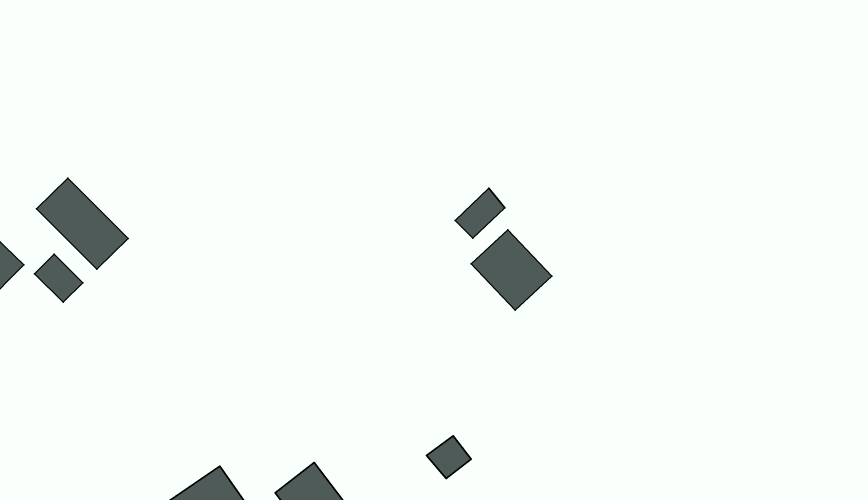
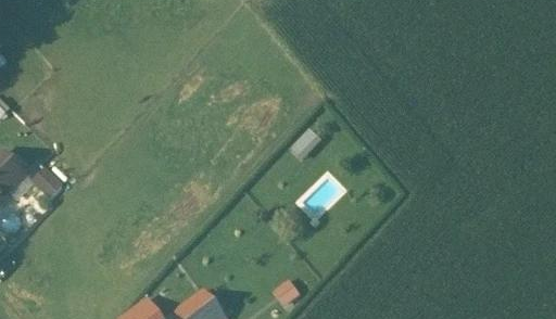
building: [36,178,128,269] -> none
building: [471,230,552,310] -> none

